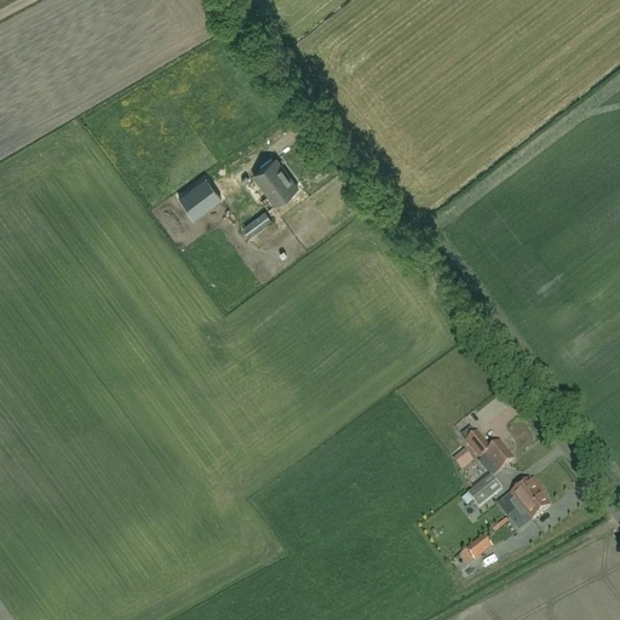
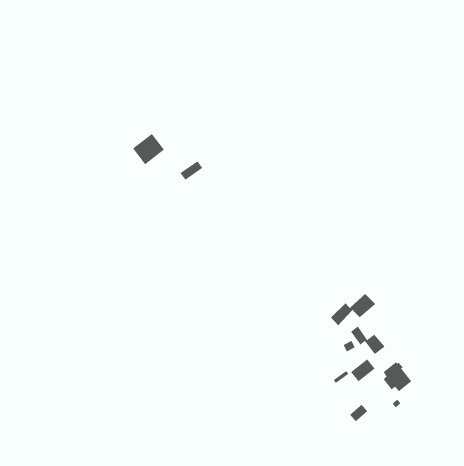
building: [251,157,295,205] -> none
building: none -> [330,293,376,326]

